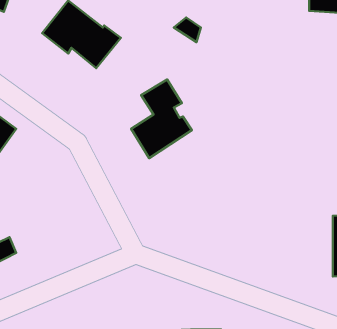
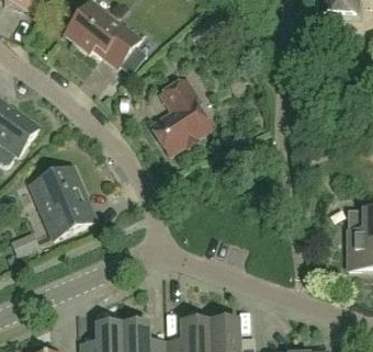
building: none -> [31,167,97,239]

